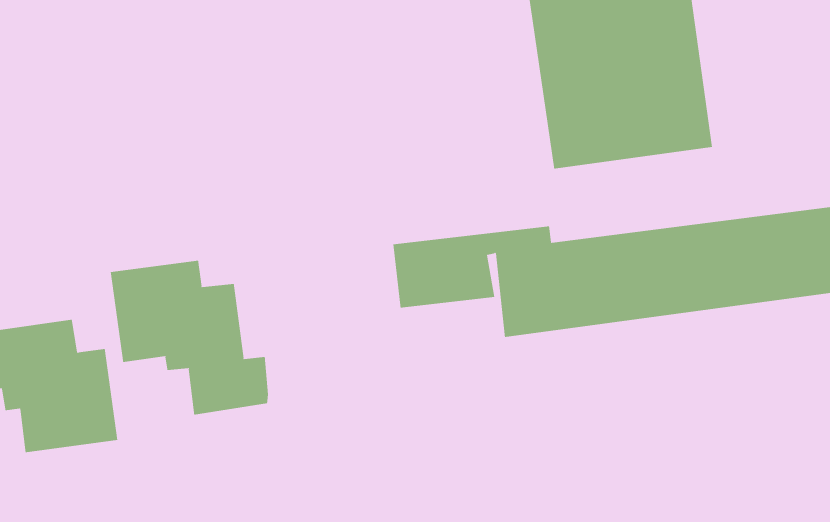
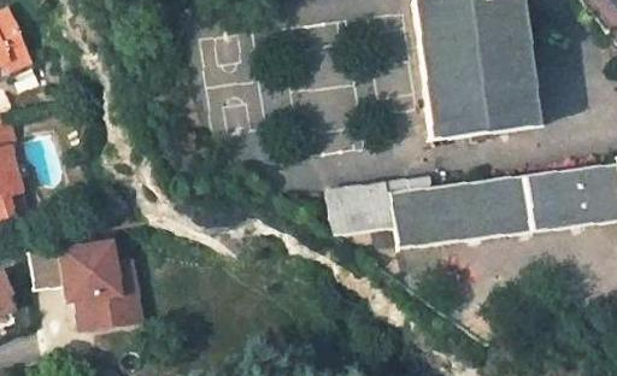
building: [110,260,269,415] -> none

